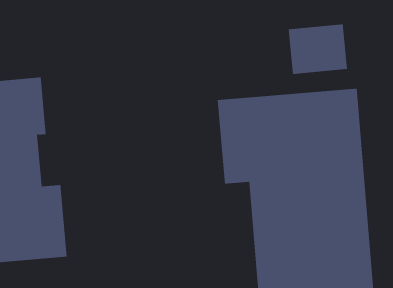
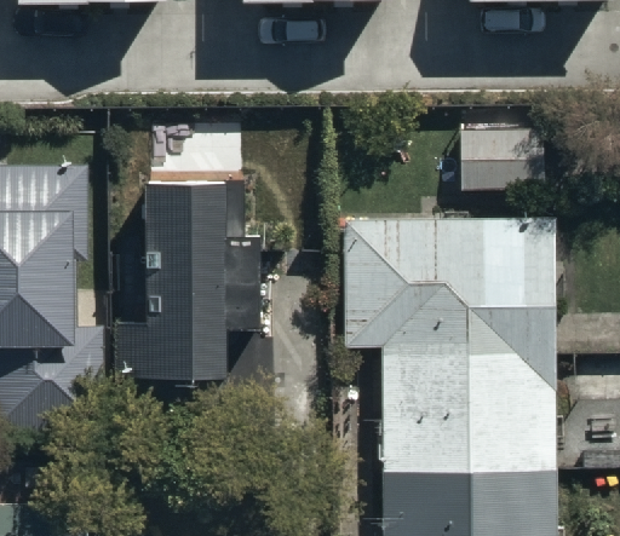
building: none -> [115,163,225,363]

